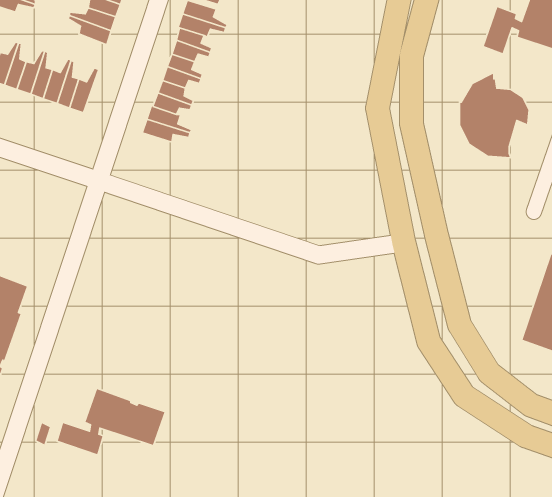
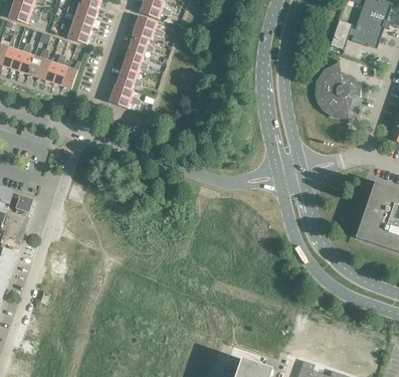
building: [57,388,165,455] -> none

